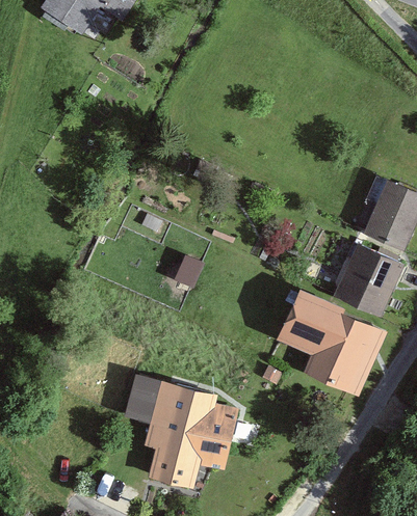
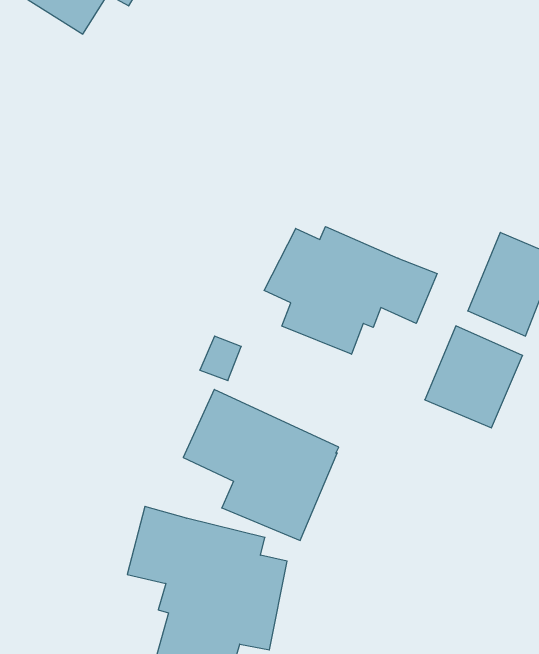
building: none -> [264,227,437,354]
building: [277,290,386,396] -> [183,389,339,540]

